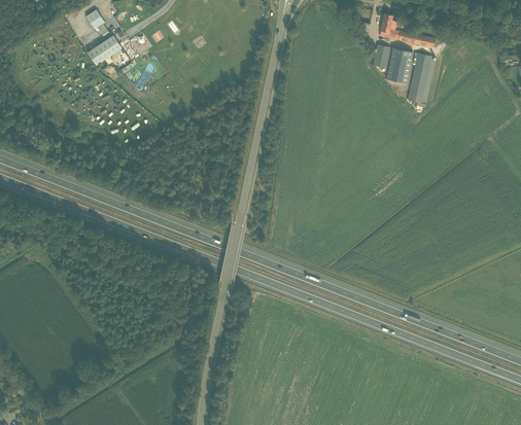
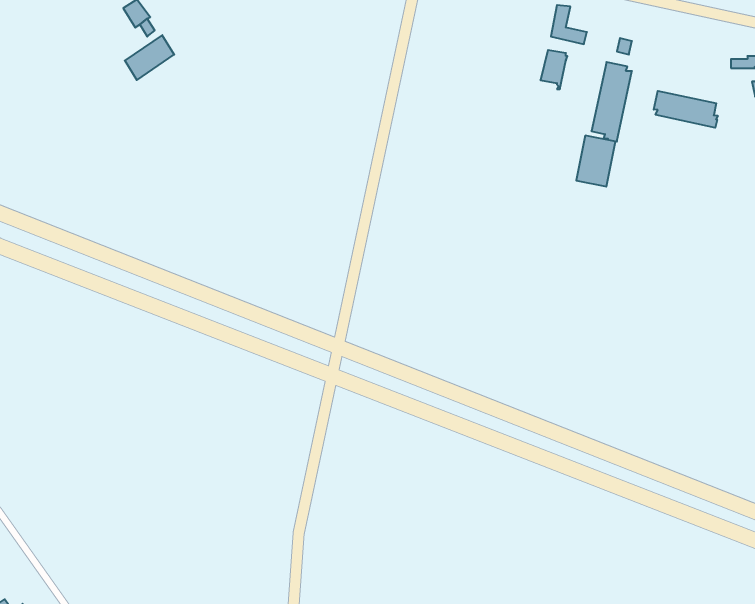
building: [385,47,412,82] -> [576,136,615,187]
building: none -> [654,91,718,128]

